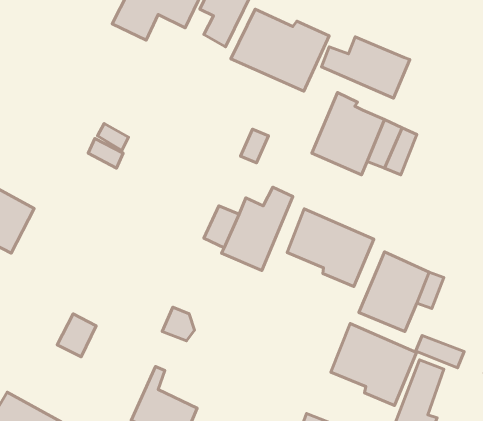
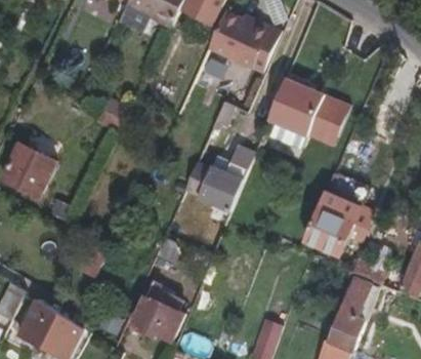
building: [321,37,410,98] -> none
building: [287,209,374,287] -> none
building: [331,324,416,405] -> none

